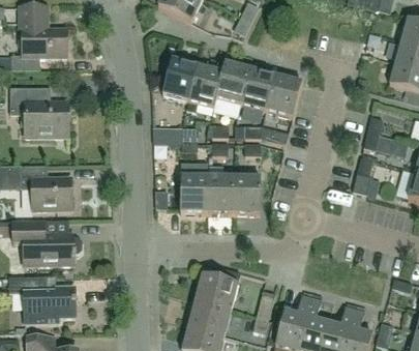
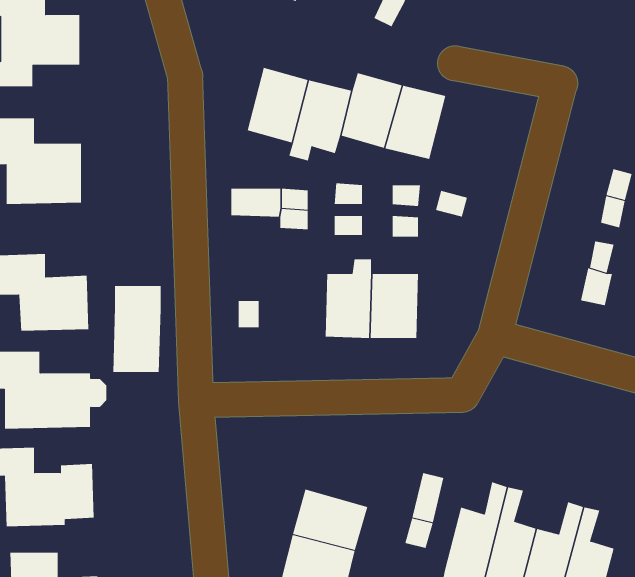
building: [266,74,301,116] -> none
building: [179,162,207,211] -> [112,286,161,372]
building: [194,265,240,309] -> none

